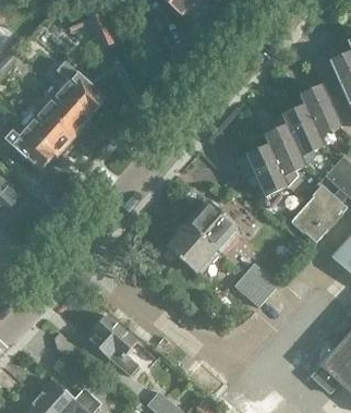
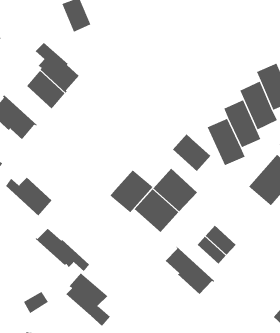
building: [22,109,74,153] -> [5,177,52,216]
building: none -> [172,134,211,172]
building: none -> [109,169,153,213]
building: none -> [35,228,90,272]
building: none -> [165,246,215,295]

